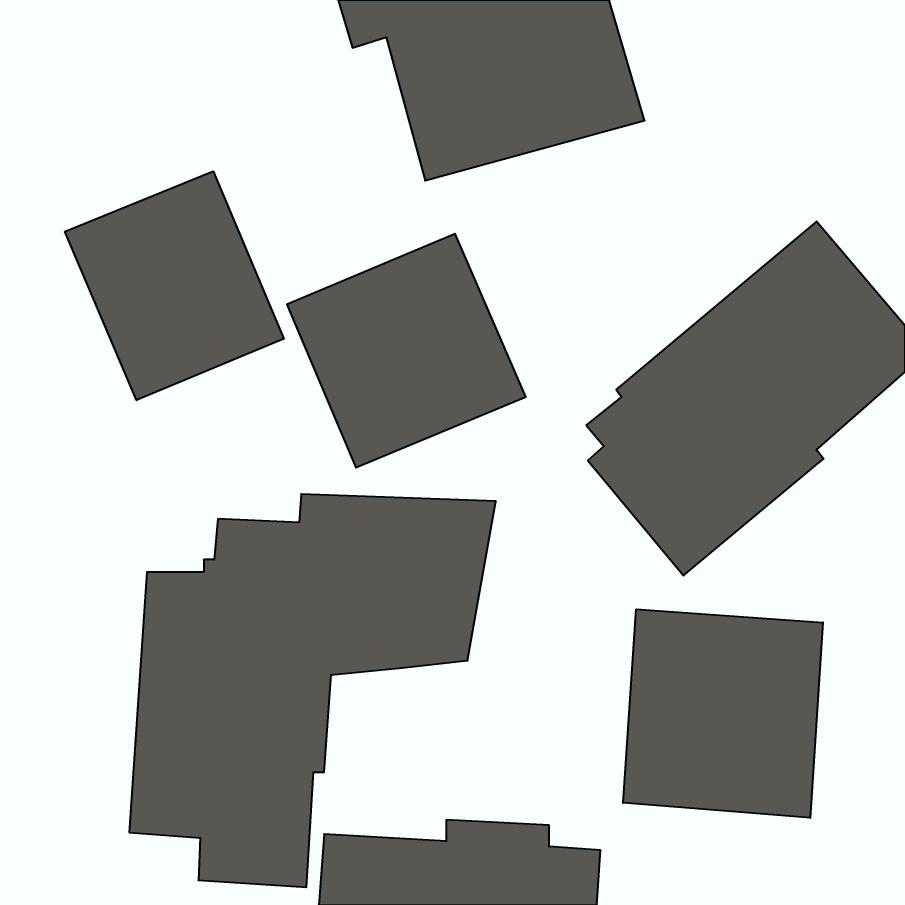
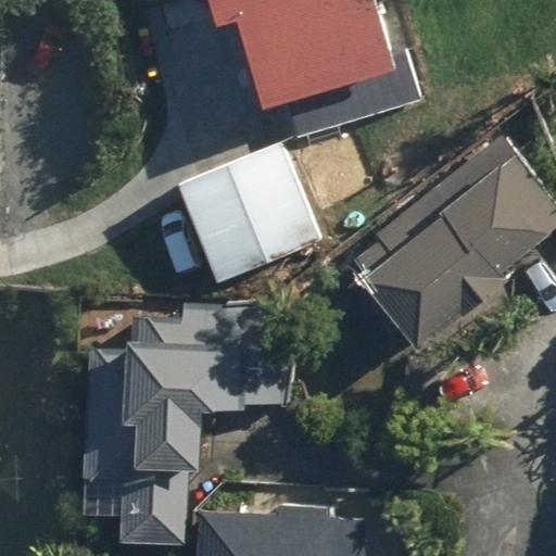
building: [65,171,284,400] -> none
building: [623,609,823,818] -> none

